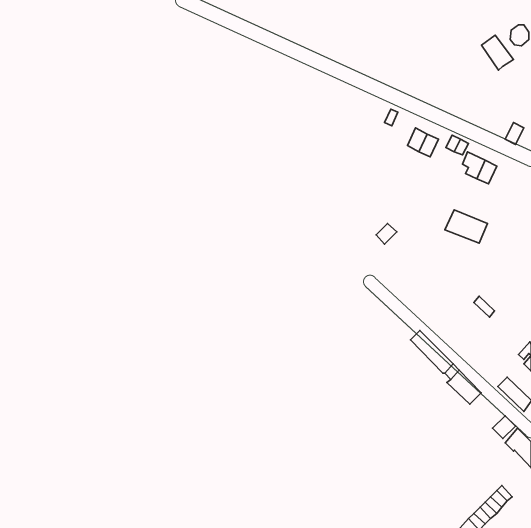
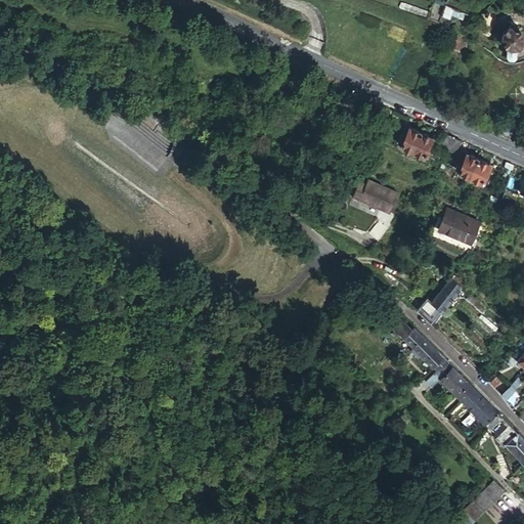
building: [481,35,514,70] -> none
building: none -> [358,187,402,219]
building: none -> [417,278,464,325]
building: none -> [463,390,497,425]

